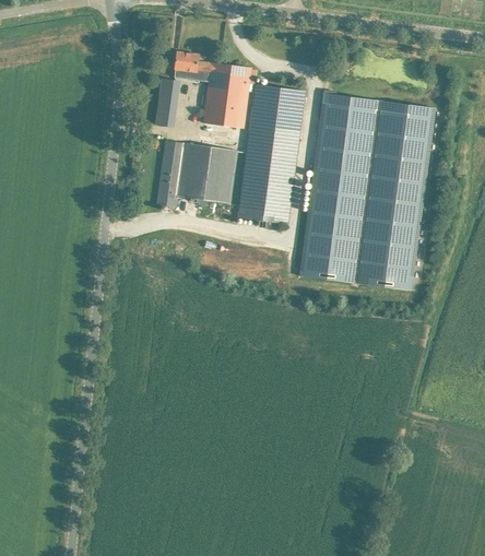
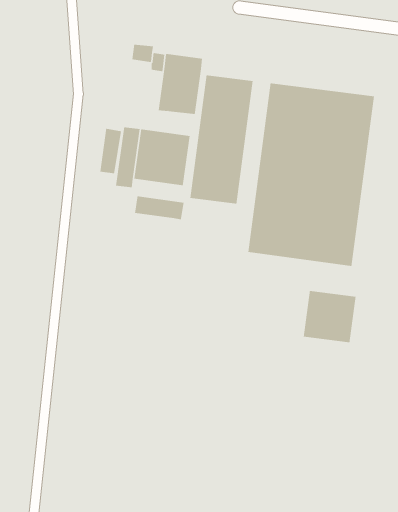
building: [153,76,177,126] -> [99,128,122,174]
building: none -> [134,195,184,220]
building: none -> [303,290,356,343]

